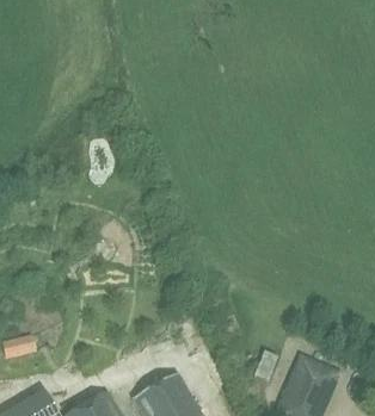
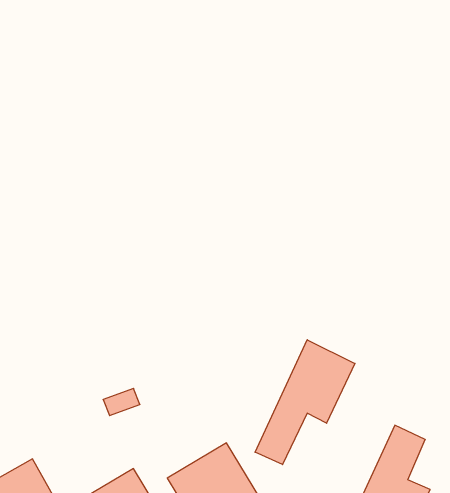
building: none -> [255,340,355,465]

